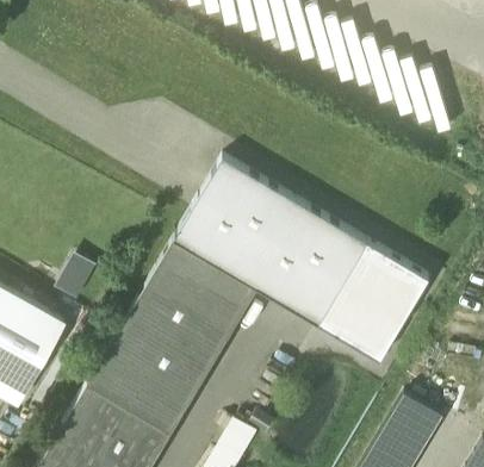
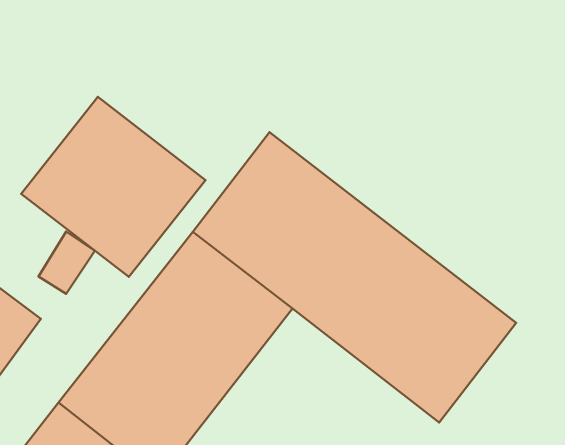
building: none -> [21,97,205,277]

